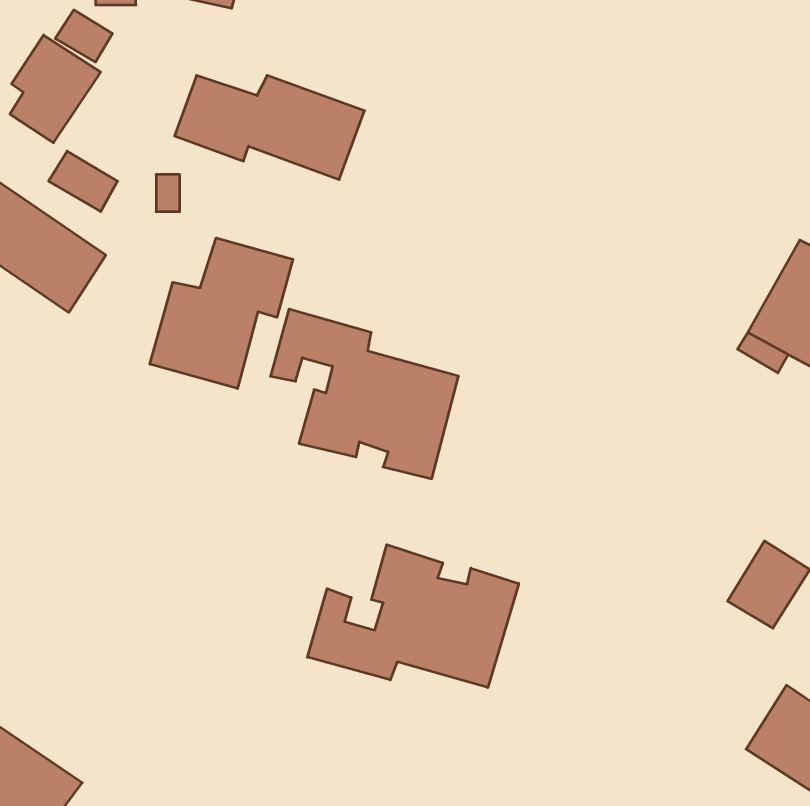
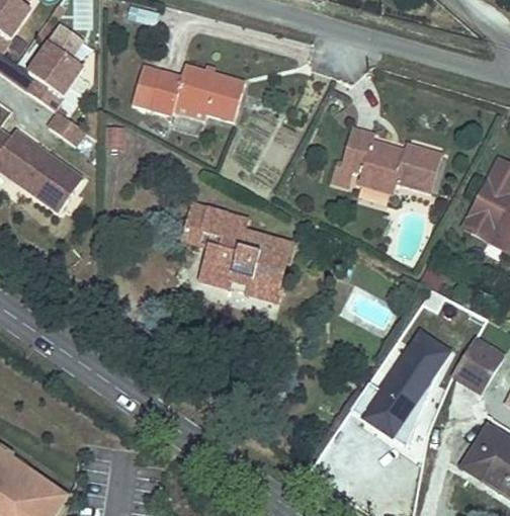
building: none -> [325,132,439,200]
building: [150,238,293,389] -> none
building: none -> [354,337,453,451]
building: [307,545,519,688] -> none

